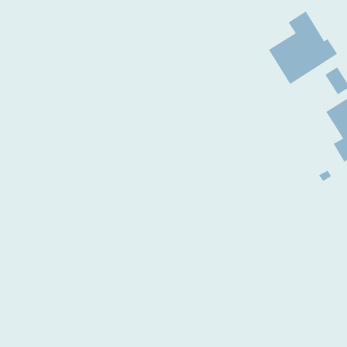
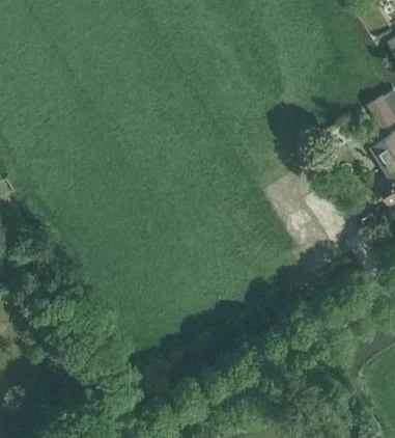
building: [268,11,338,85] -> none

